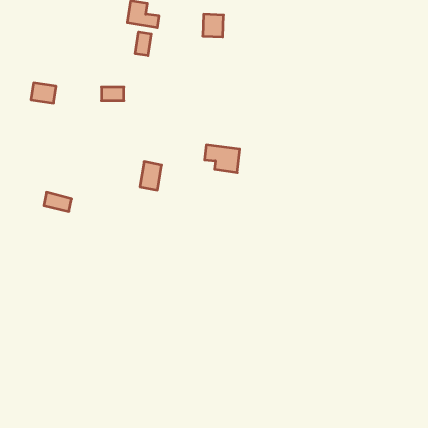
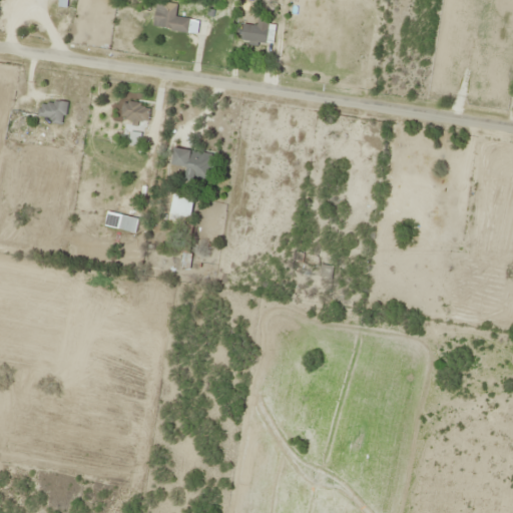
building: [135,32,151,56] -> none
building: [205,145,240,173] -> [171,148,213,181]
building: [44,192,72,211] -> [104,210,137,233]

